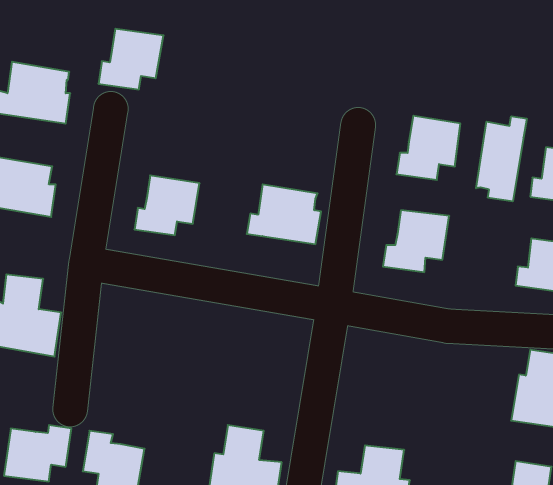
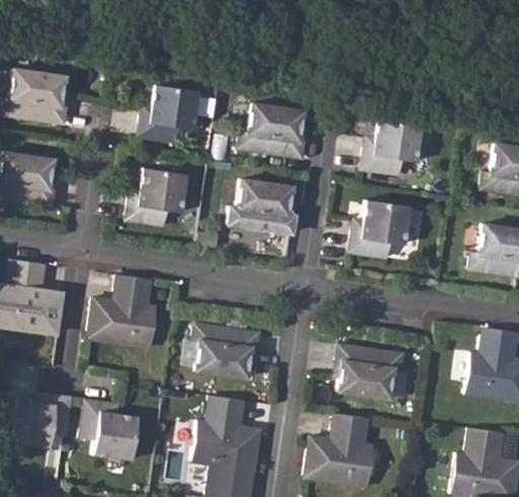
building: [98,29,164,89] -> [141,87,200,142]
building: none -> [241,105,308,159]
building: [476,116,527,201] -> none
building: none -> [87,275,156,347]
building: none -> [194,325,262,377]
building: none -> [333,345,401,399]

